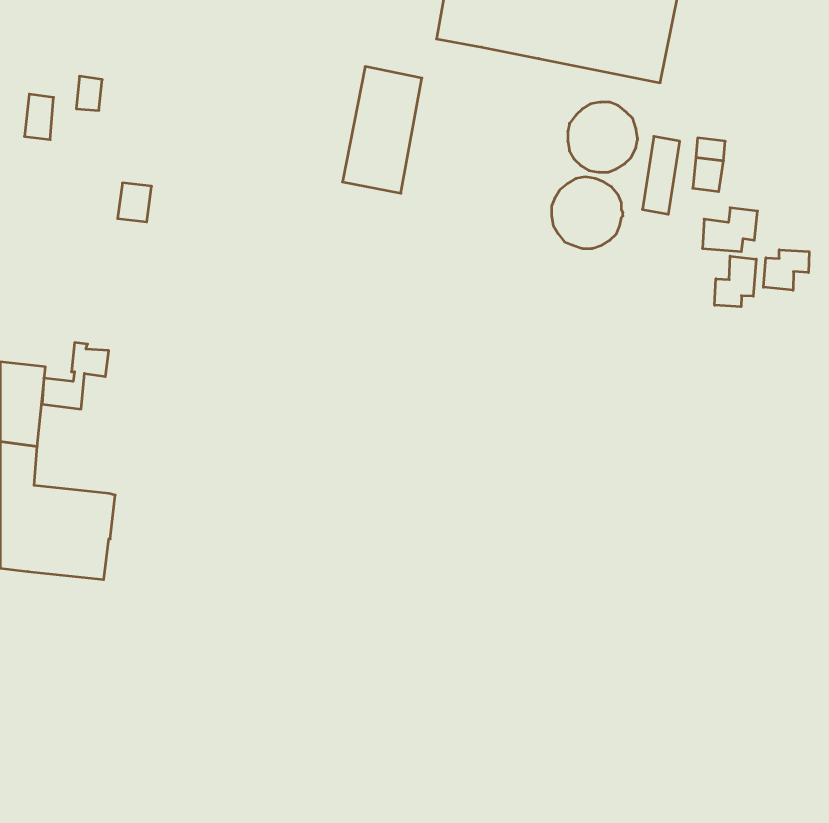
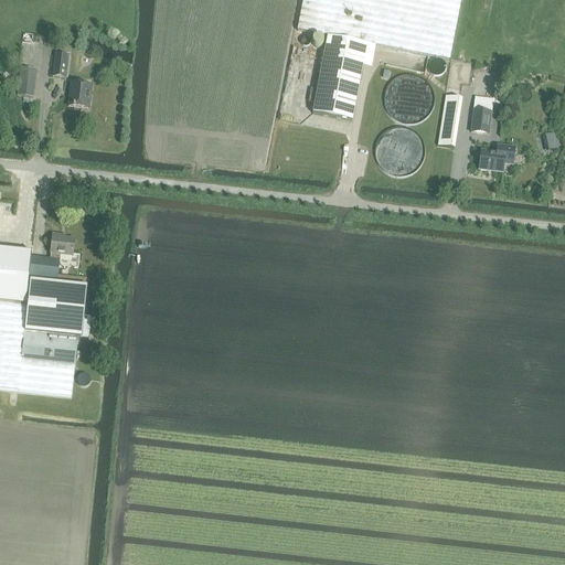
building: [342,67,422,193] -> [312,32,366,118]
building: [118,183,152,222] -> [70,82,93,108]
building: [763,250,809,290] -> none
building: [715,256,756,307] -> none
building: none -> [23,279,86,337]

